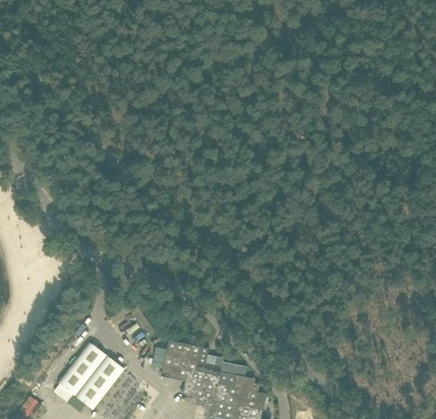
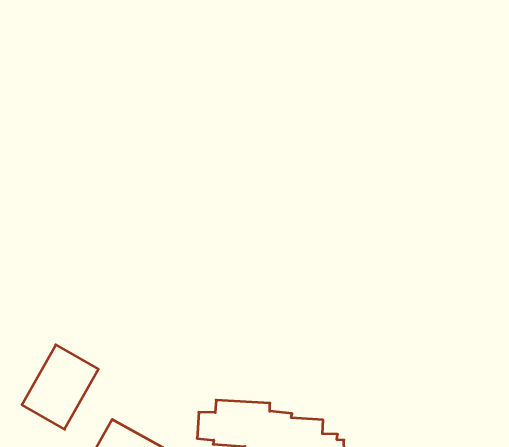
building: none -> [22,345,98,429]

